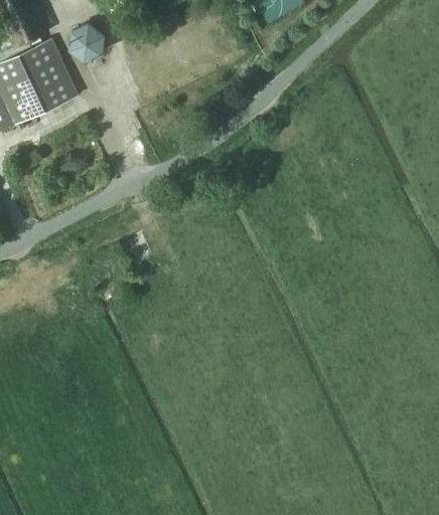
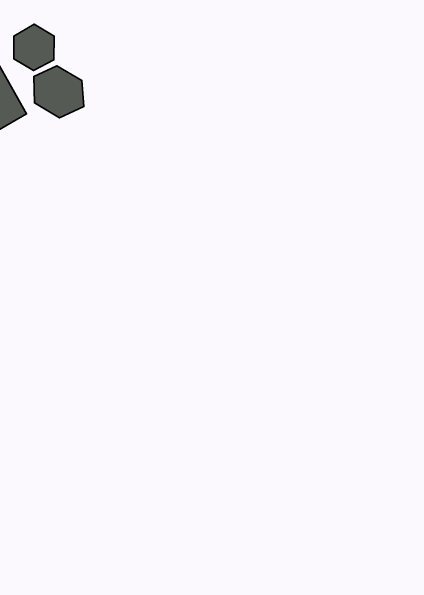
building: none -> [34,66,84,118]

